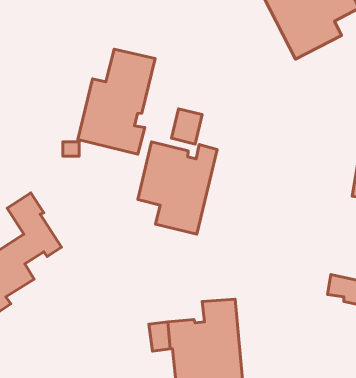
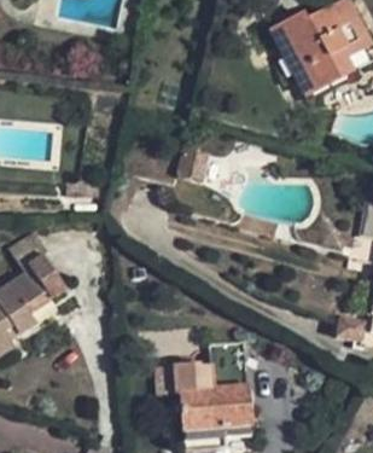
building: [78,49,155,154] -> none
building: [138,142,217,234] -> none

